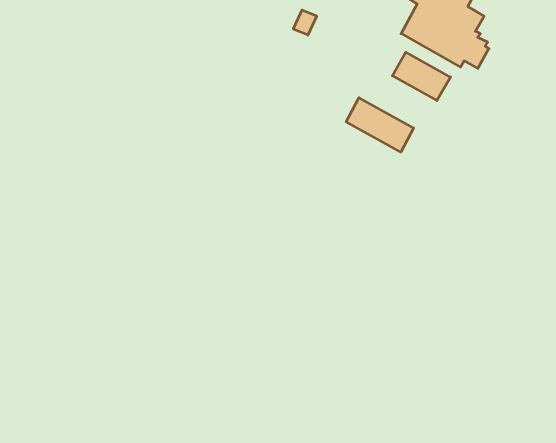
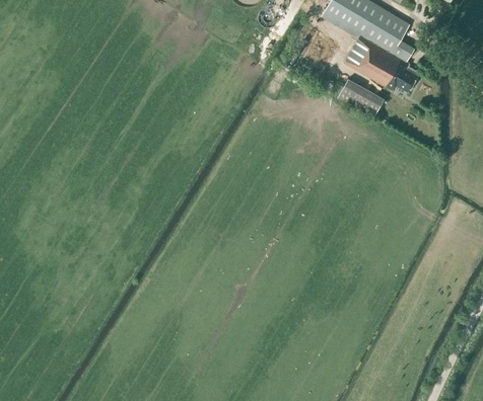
building: [346,98,414,152] -> none

